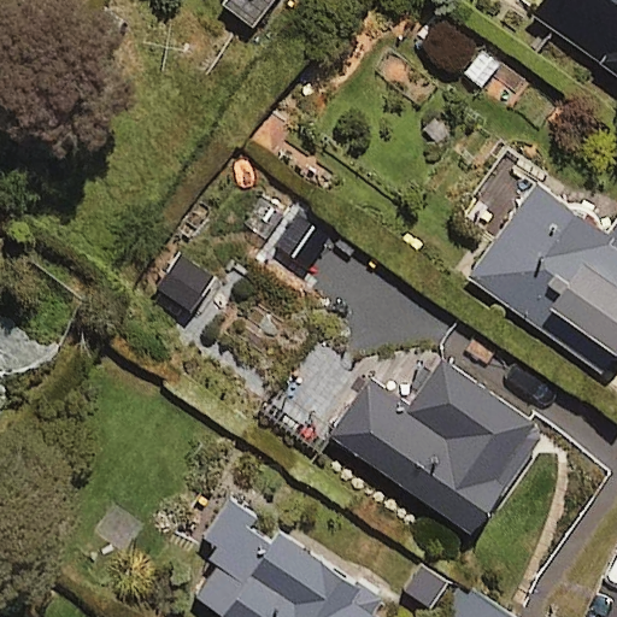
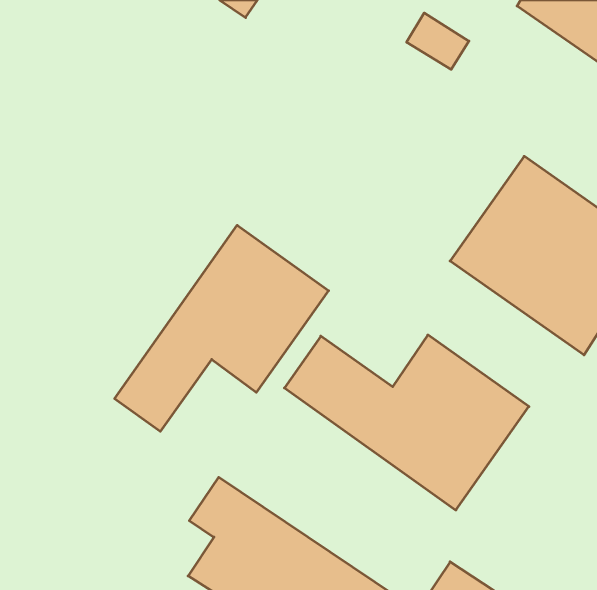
building: none -> [115,225,329,431]

